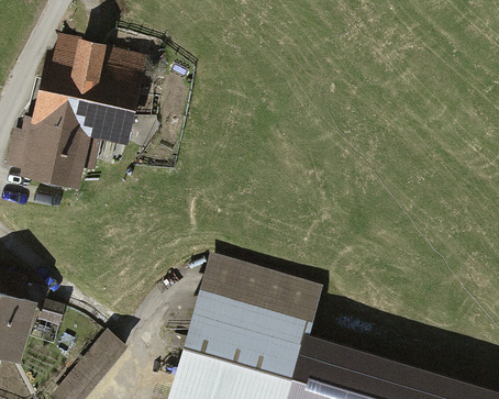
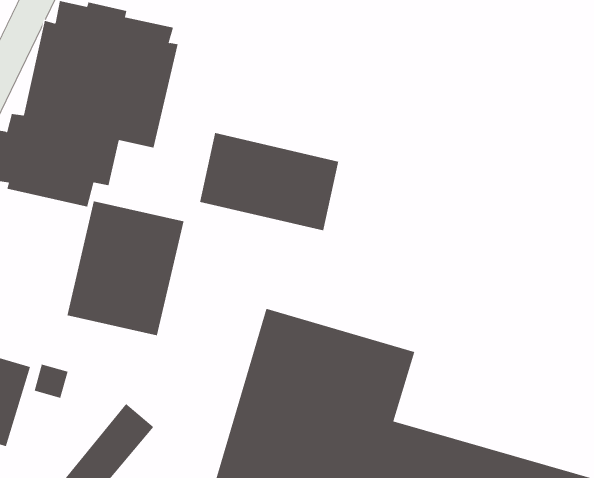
building: none -> [199,132,339,231]
building: none -> [67,200,184,336]

